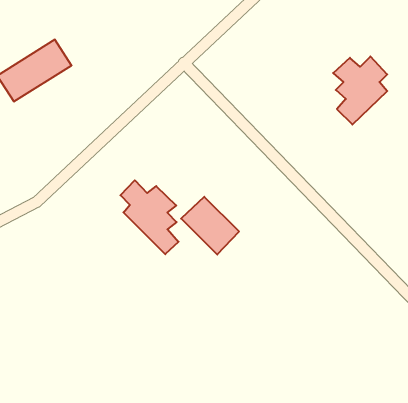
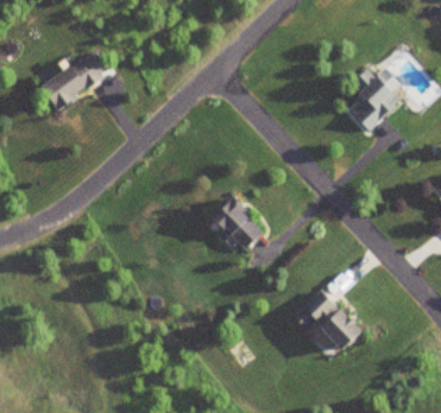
building: [120,180,179,254] -> none
building: none -> [291,291,359,358]

